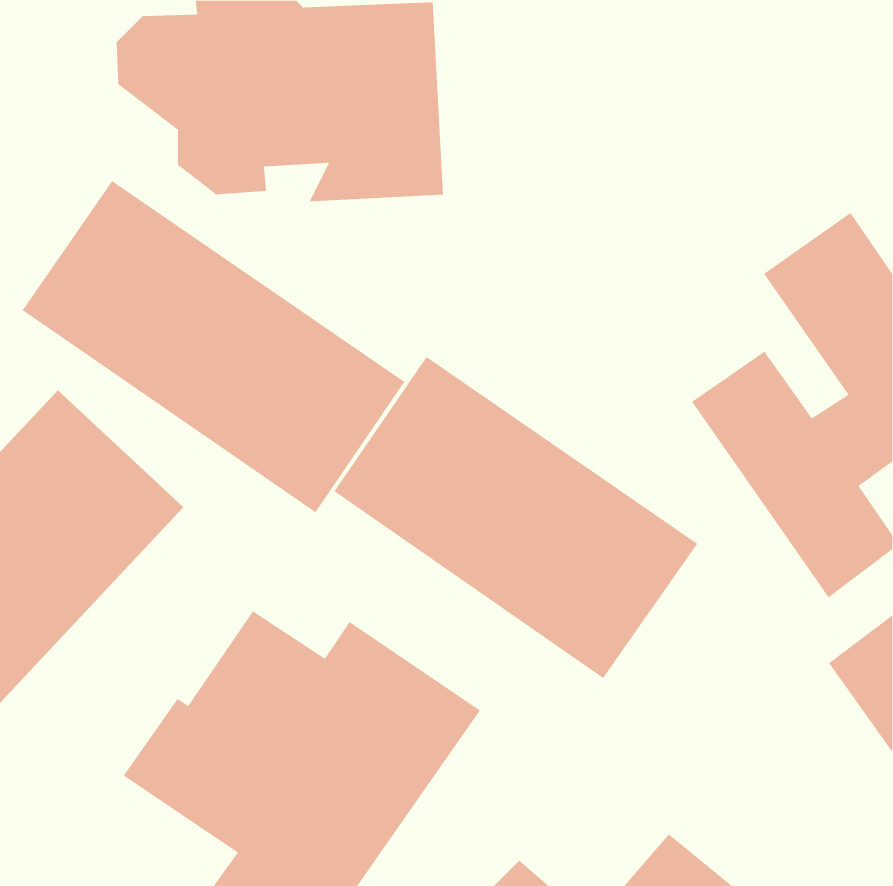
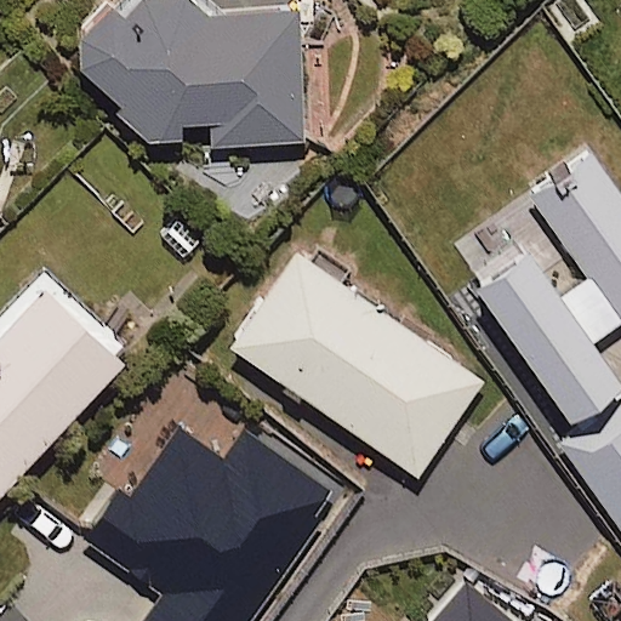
building: [22,180,405,513] -> none

